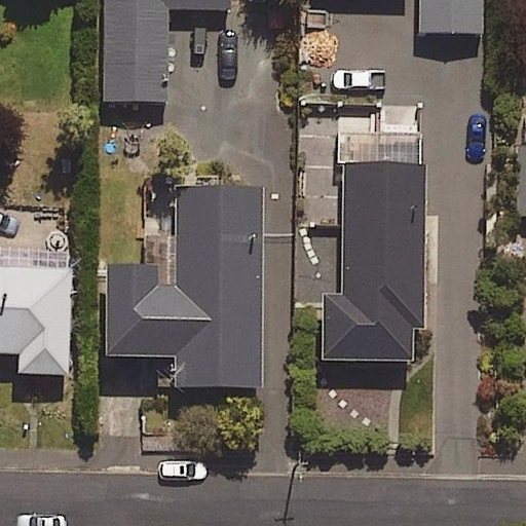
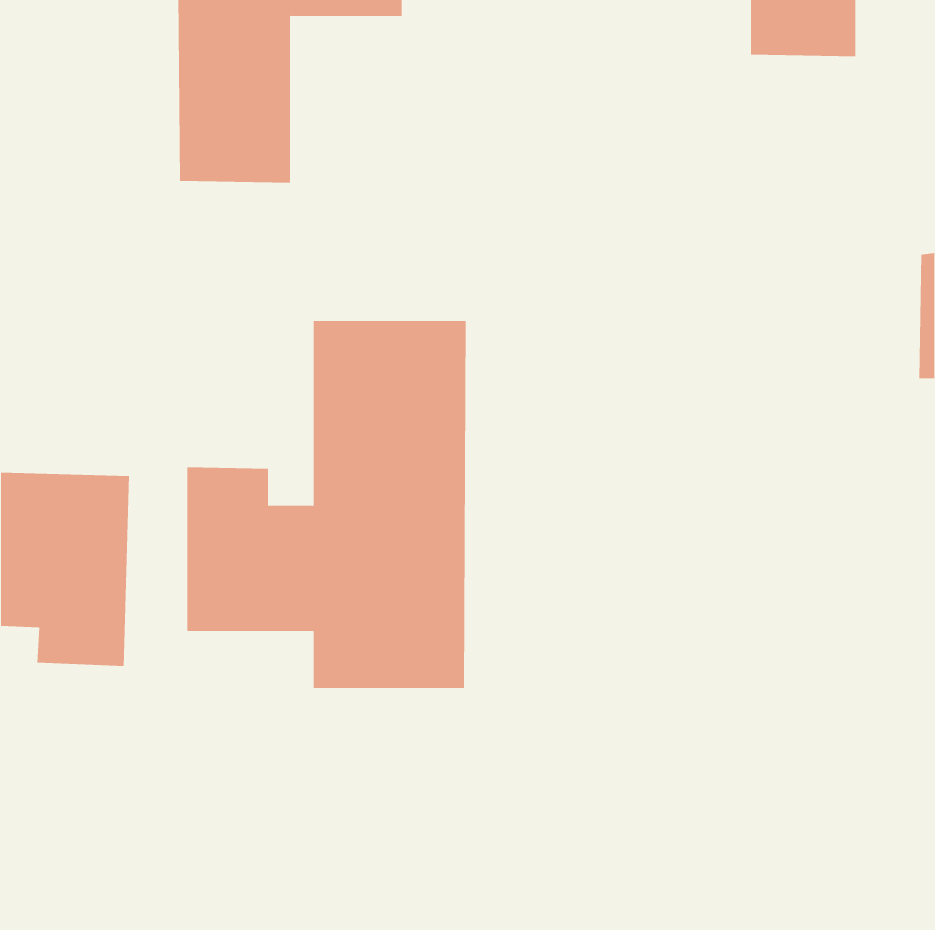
building: [323,162,427,359] -> none

